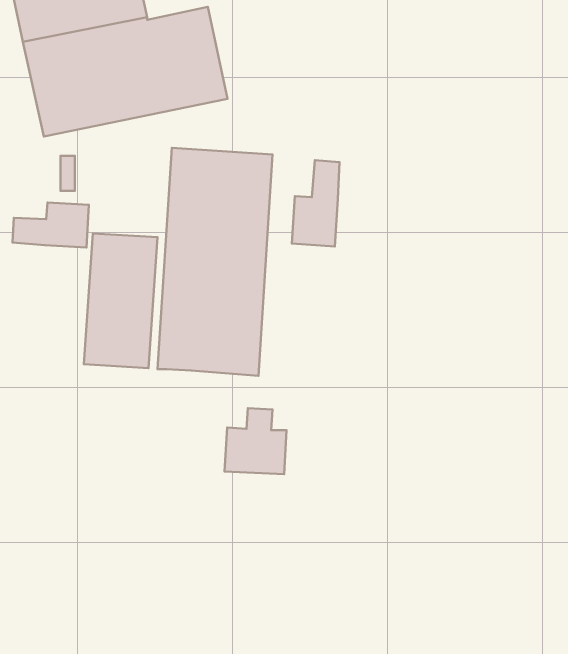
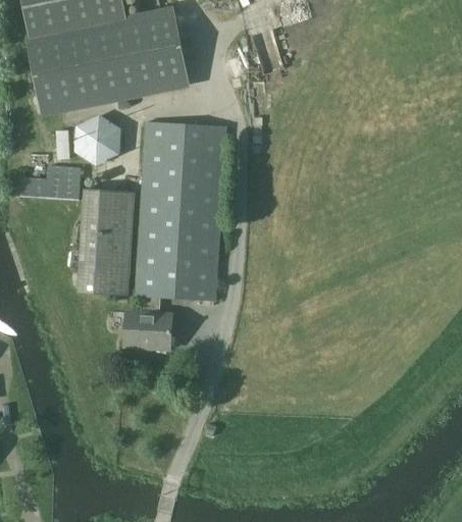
building: none -> [74,117,121,159]
building: [292,160,340,246] -> none
building: [225,408,287,474] -> [122,297,171,349]

